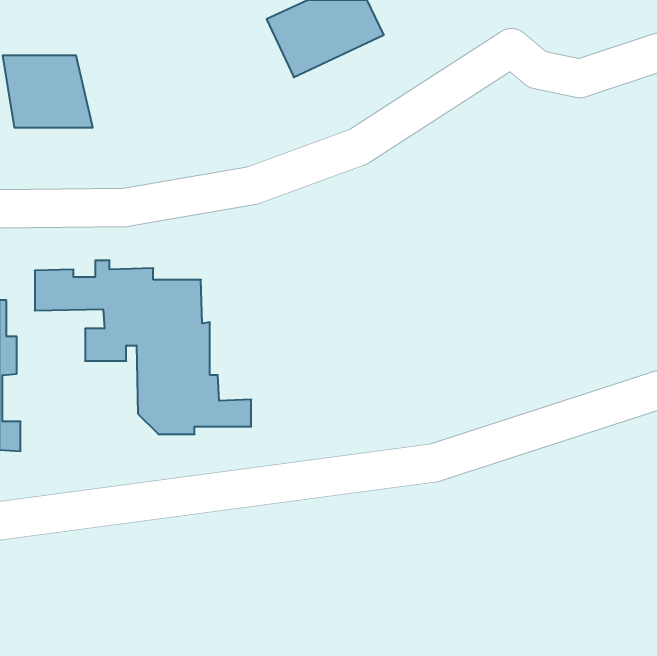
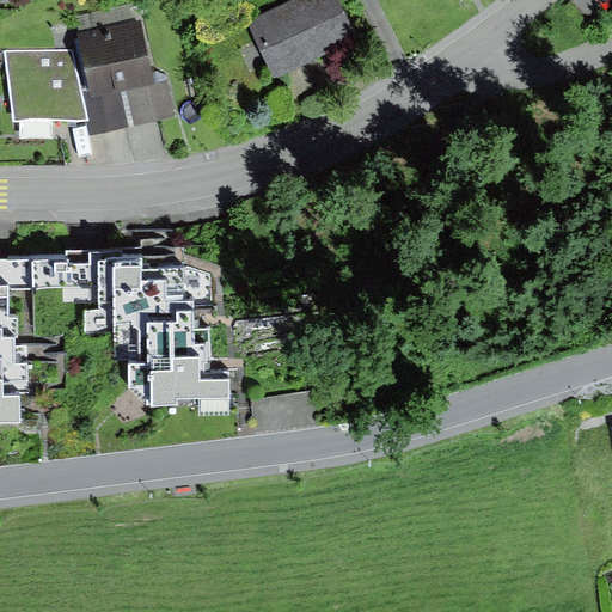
building: none -> [79,22,175,134]

